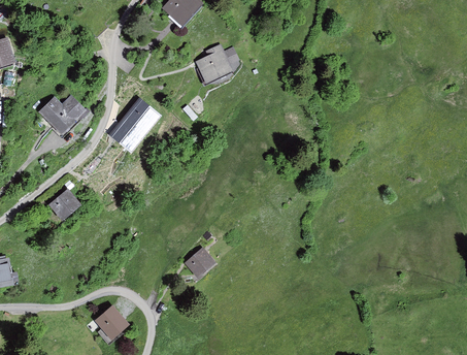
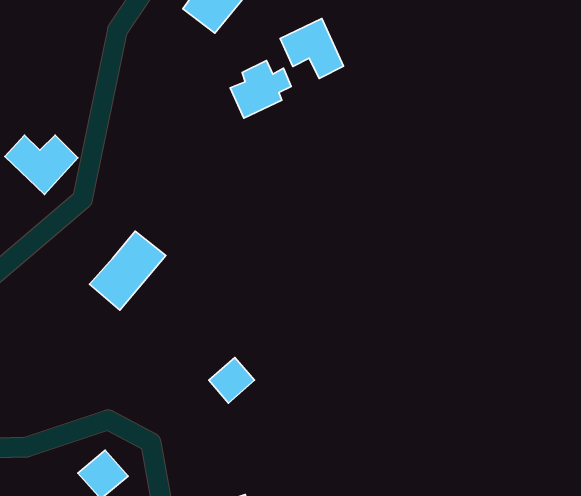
building: none -> [280,18,344,78]
building: [109,98,161,152] -> [90,231,166,310]
building: [47,188,79,220] -> none

